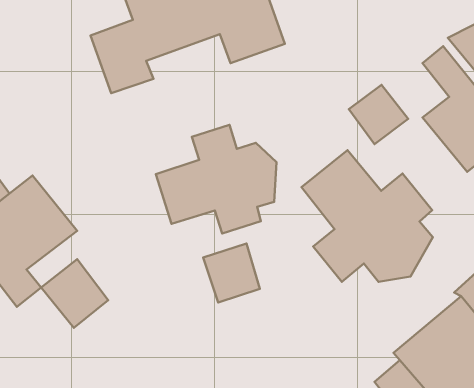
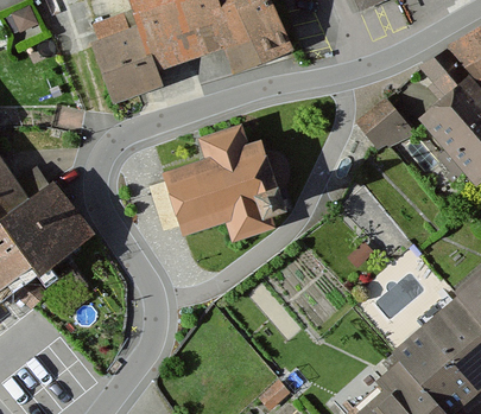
building: [302,150,433,282] -> none
building: [203,244,260,302] -> none
building: [41,259,108,328] -> none

